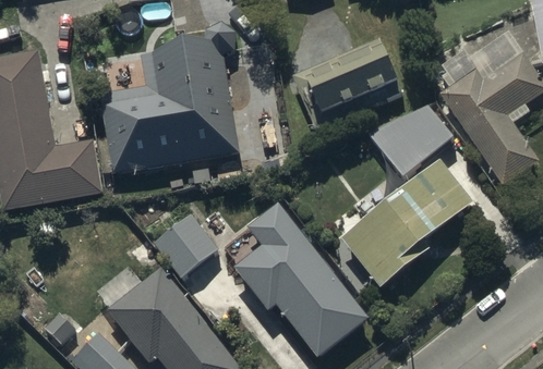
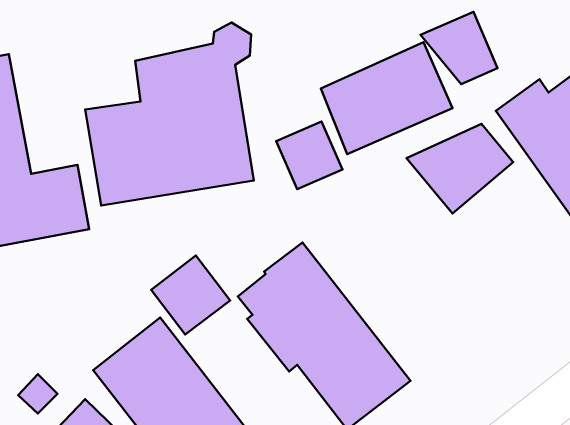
building: none -> [420,12,498,84]
building: none -> [276,122,342,189]
building: [340,159,473,287] -> none

